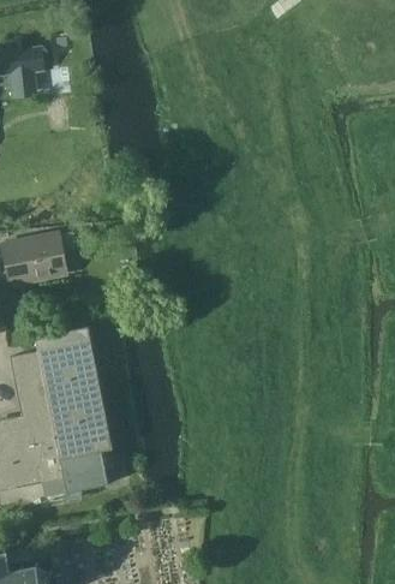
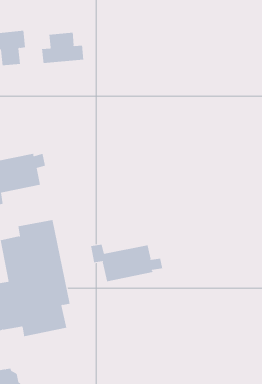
building: none -> [42,32,84,64]
building: none -> [90,244,163,282]

